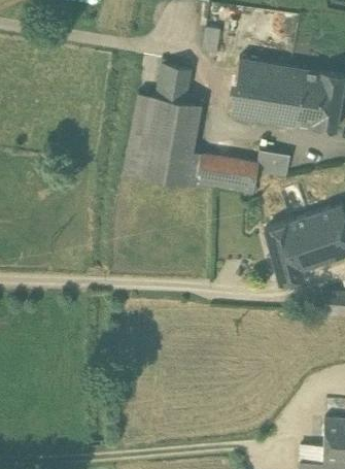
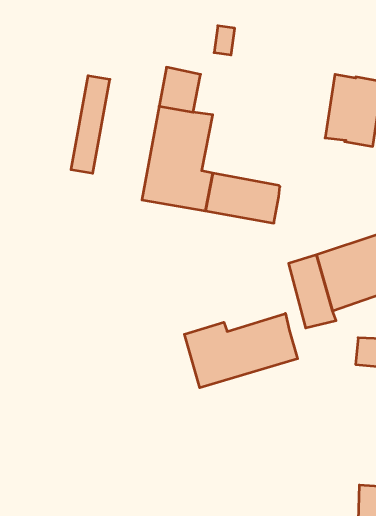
building: [231,58,305,126] -> none
building: [124,93,157,175] -> [71,76,110,173]
building: [257,149,290,176] -> none
building: none -> [184,313,298,388]

